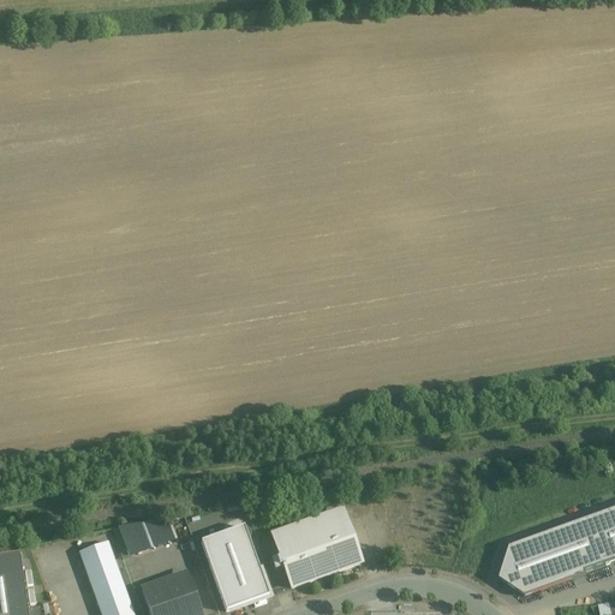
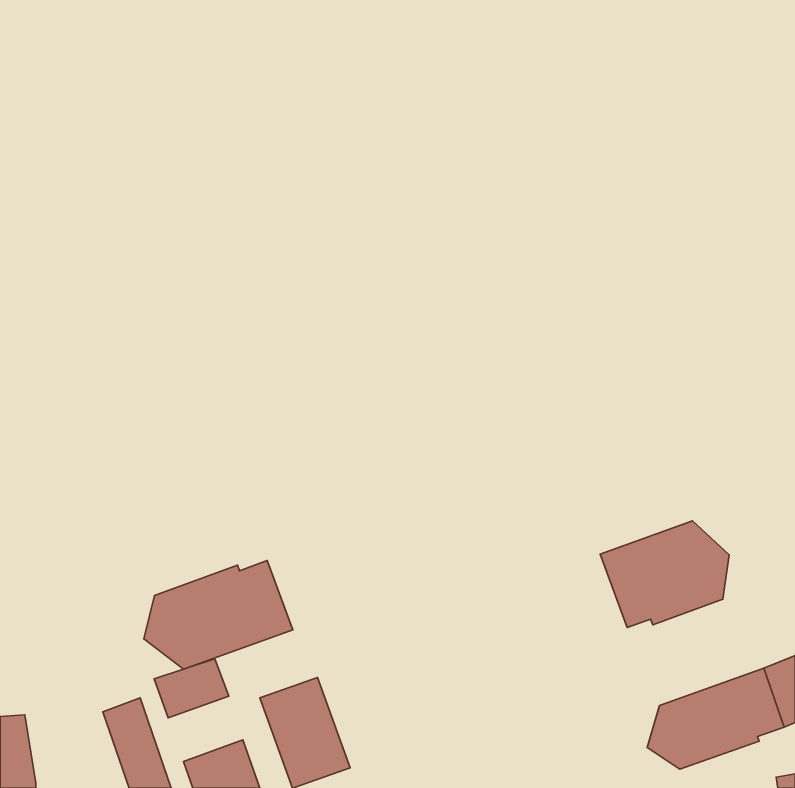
building: none -> [600,521,729,628]
building: none -> [144,561,293,669]
building: [273,514,360,585] -> none

